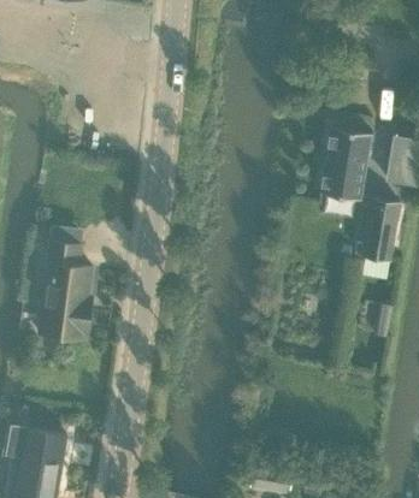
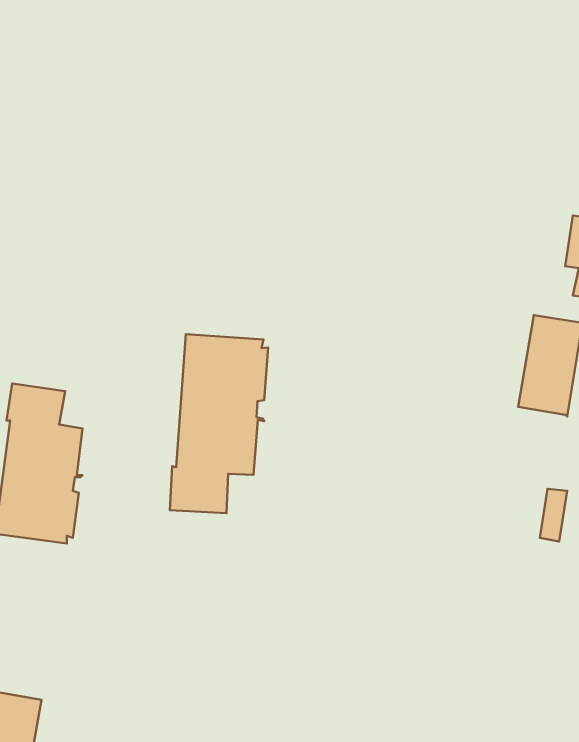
building: [321,129,374,202] -> none
building: none -> [170,334,268,513]

